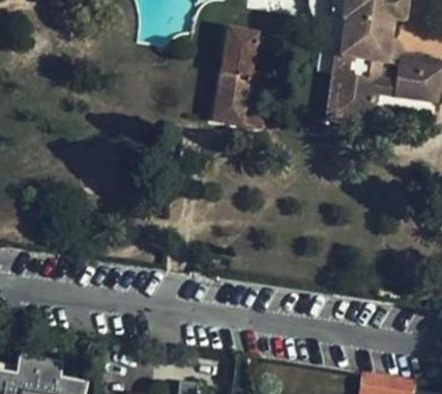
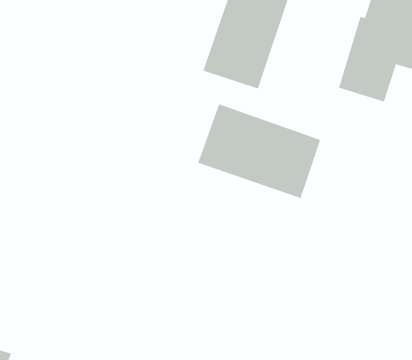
building: none -> [198,104,321,199]

